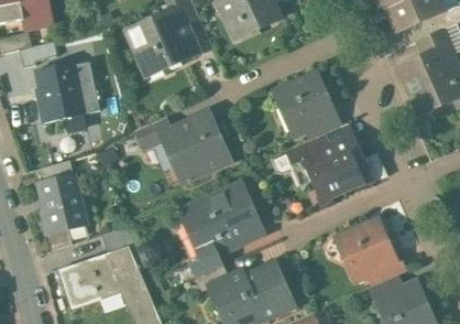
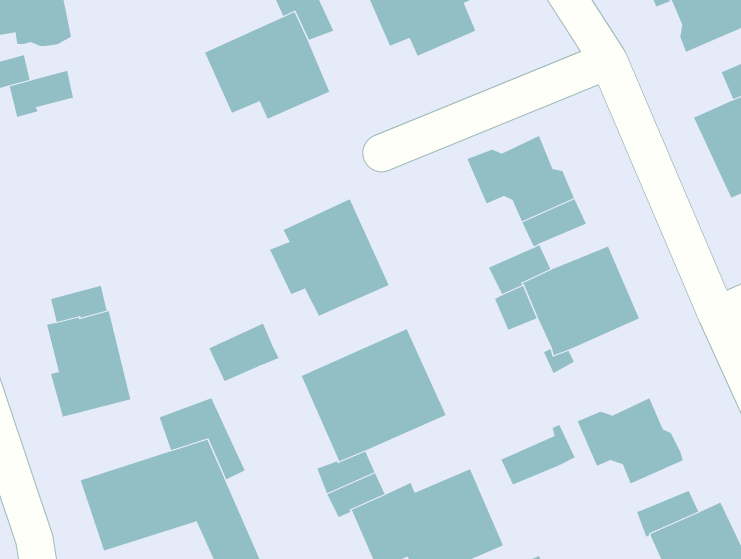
building: [35,66,97,122] -> none
building: [134,117,174,150] -> [208,323,279,382]
building: [364,252,406,287] -> [501,424,575,485]

